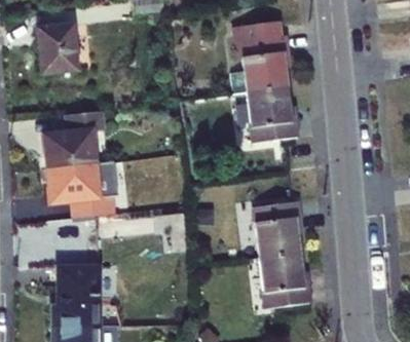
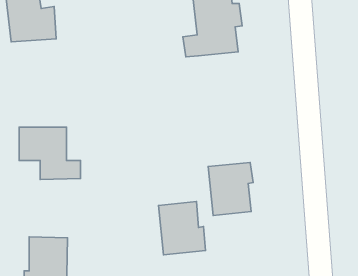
building: [238,85,291,140] -> none
building: [55,113,116,162] -> none
building: [254,249,302,303] -> [158,201,206,255]

